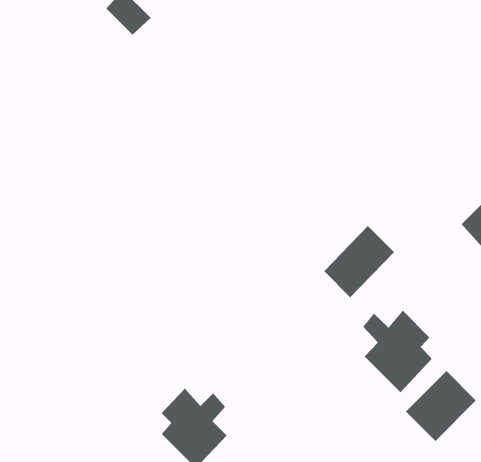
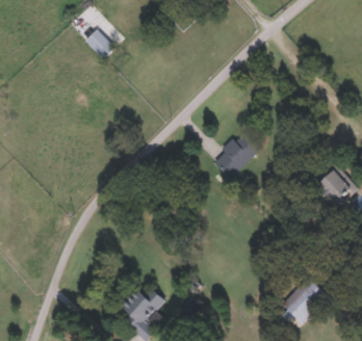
building: [323,225,395,298] -> [212,130,259,178]
building: [362,310,433,393] -> none

